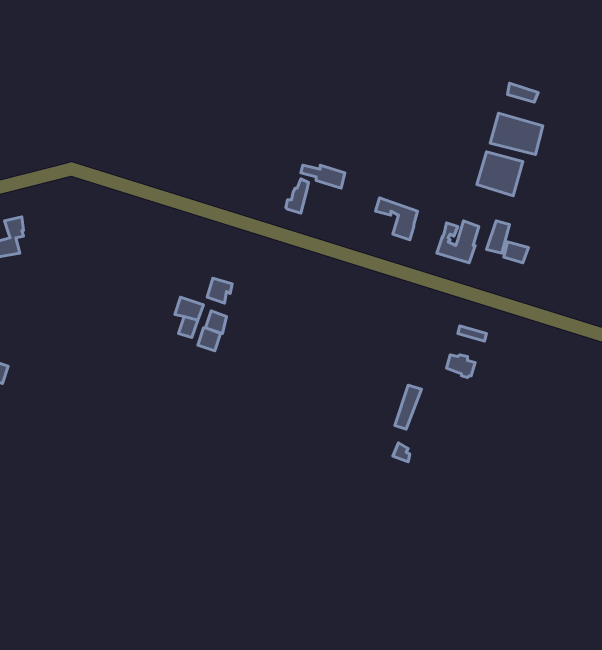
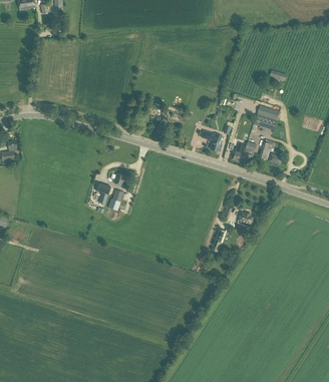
building: [490,113,543,155] -> none

